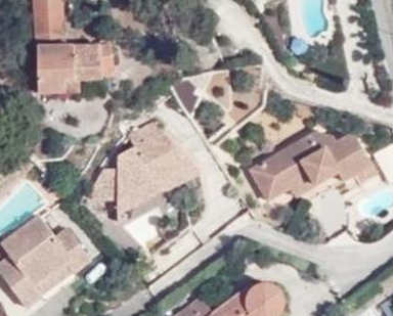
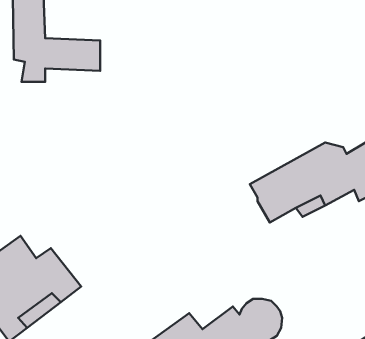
building: [87,127,203,222] -> none

